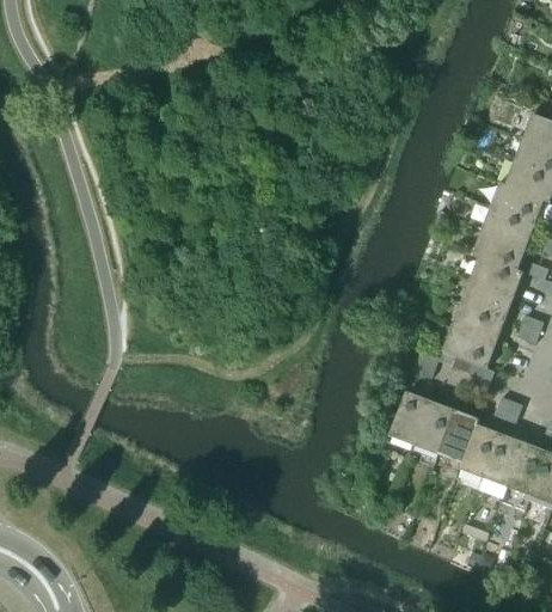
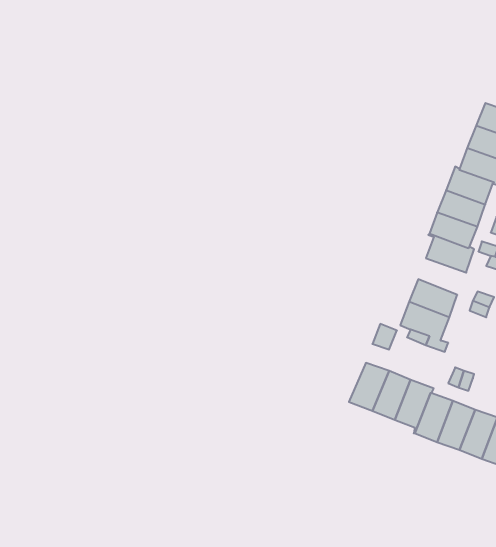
building: [462,280,514,319] -> none

